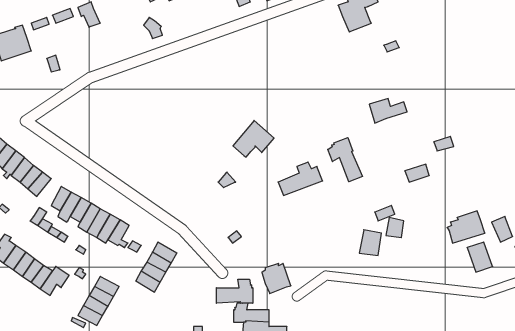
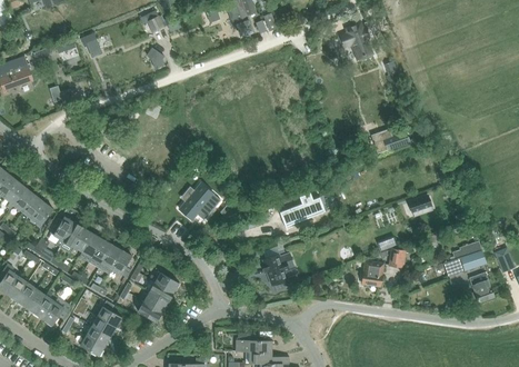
building: [233,120,274,157] -> [182,183,223,220]
building: [328,138,363,182] -> none
building: [262,263,291,294] -> [262,254,291,284]
building: [216,279,253,303] -> none

